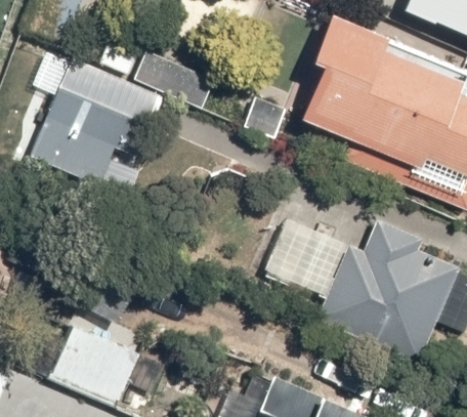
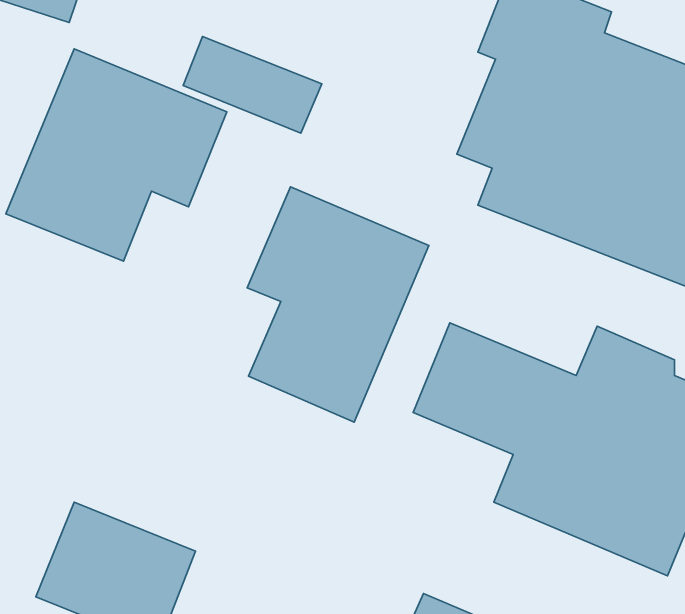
building: none -> [247,187,429,422]

